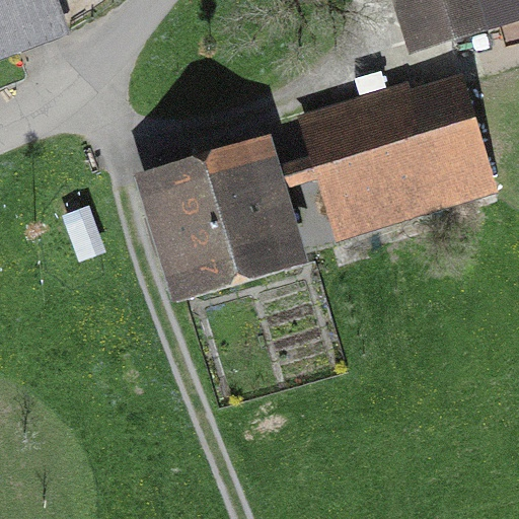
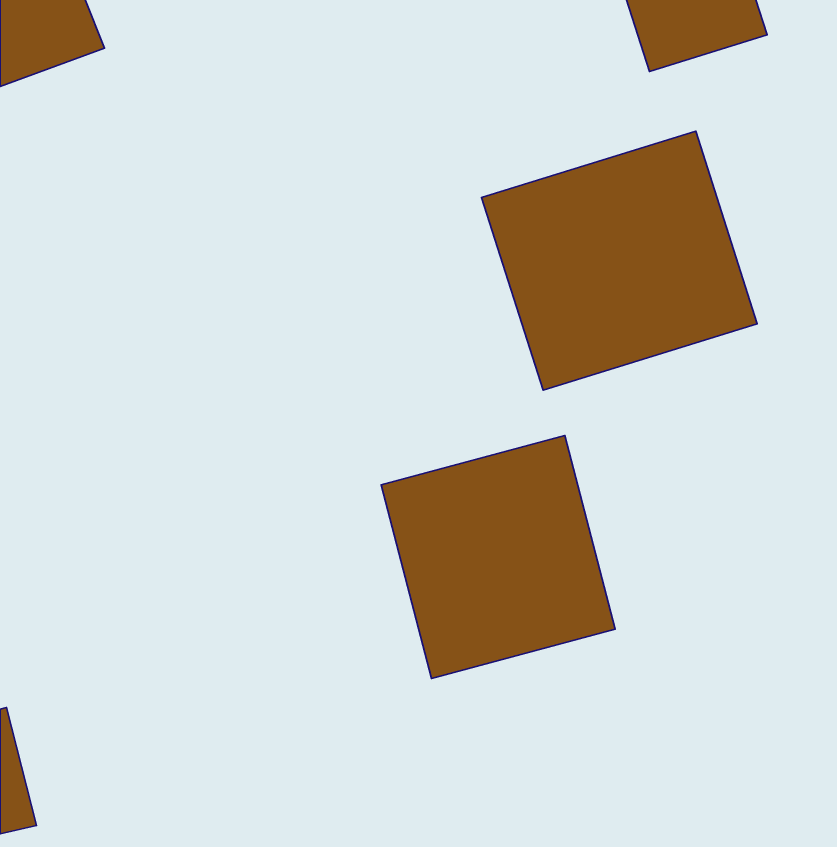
building: [157,144,303,292] -> none
building: none -> [381,436,615,678]

